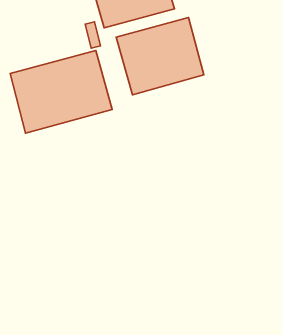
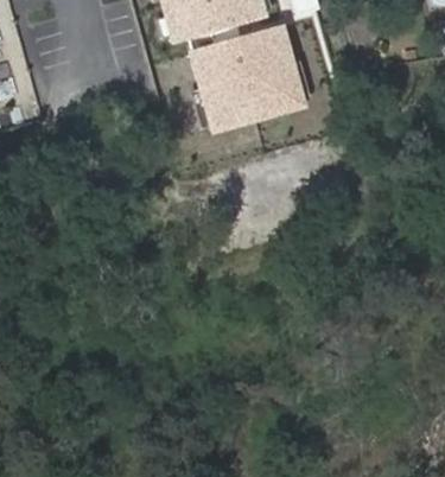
building: [10,50,112,133] -> none

